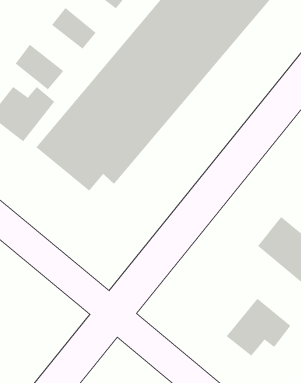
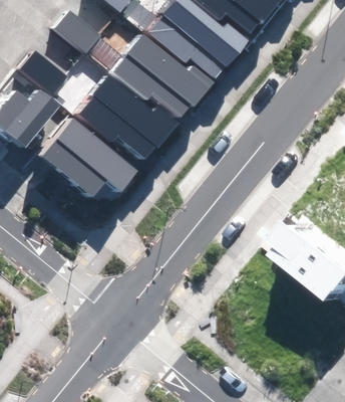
building: [226,298,291,356] -> none

